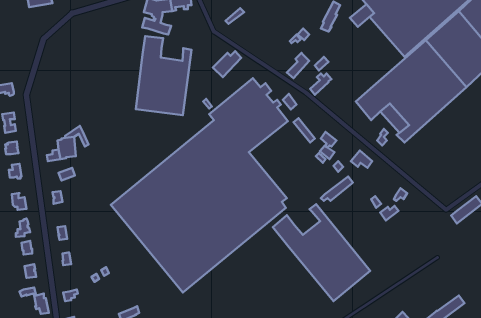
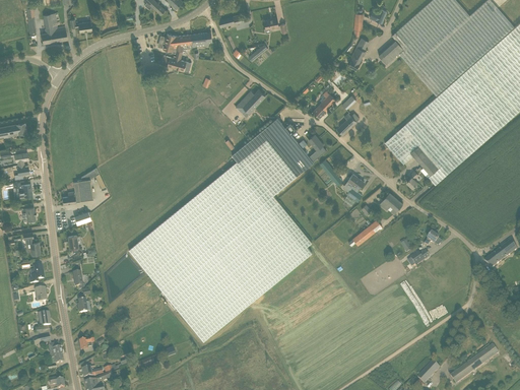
building: [136,36,191,115] -> none
building: [273,204,370,301] -> none

